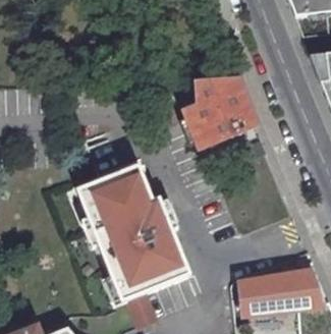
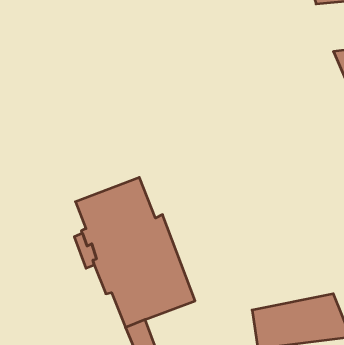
building: [177,66,261,152] -> none

